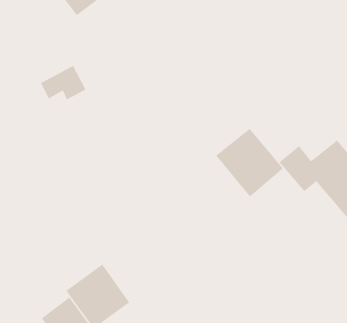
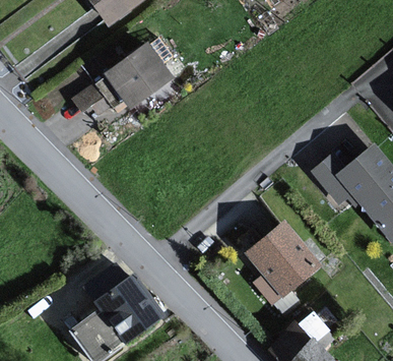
building: none -> [106,45,169,106]
building: [215,128,284,197] -> [248,224,318,295]

